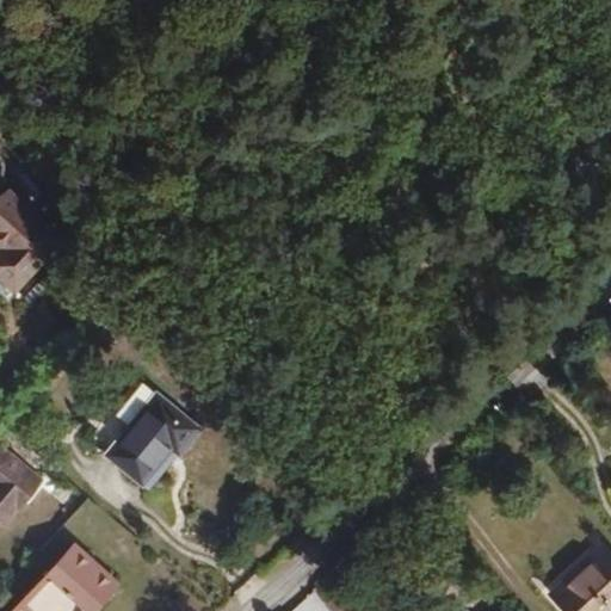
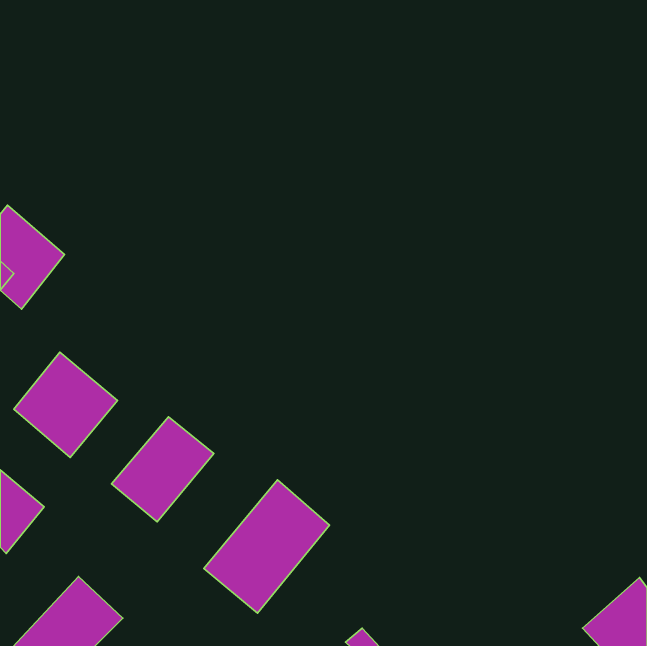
building: none -> [14,352,118,457]
building: none -> [204,480,330,613]

